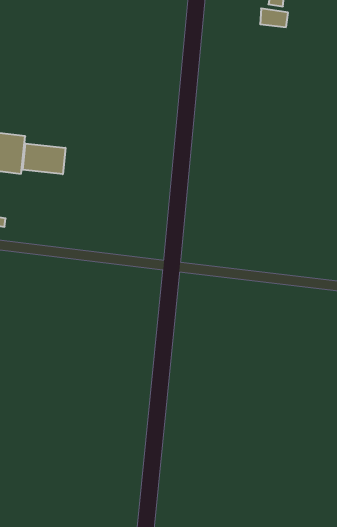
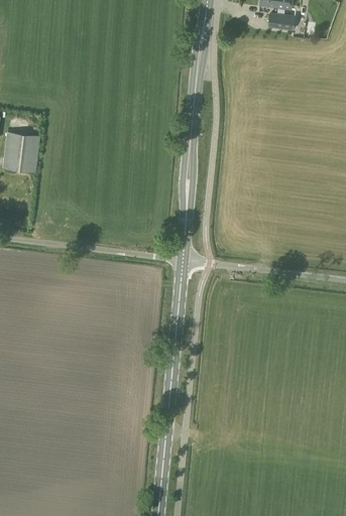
building: [23,143,65,174] -> none

